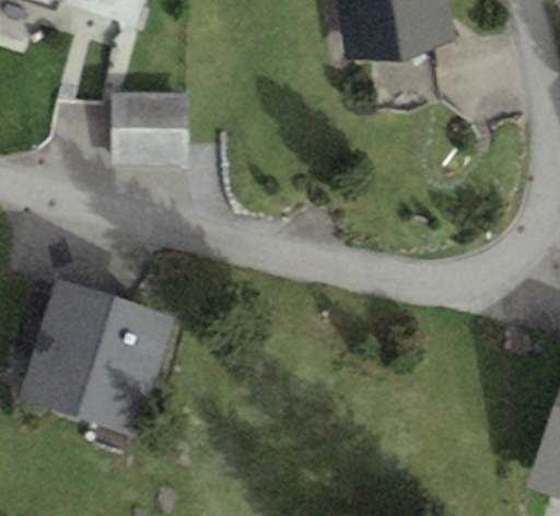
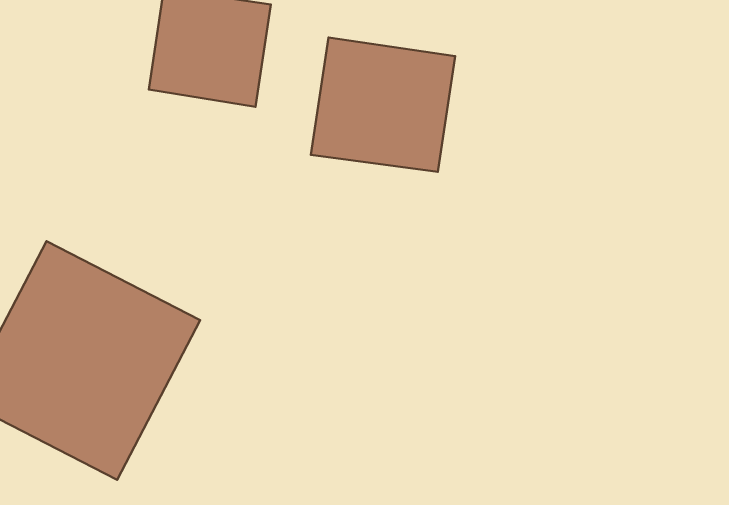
building: none -> [311,37,455,172]

